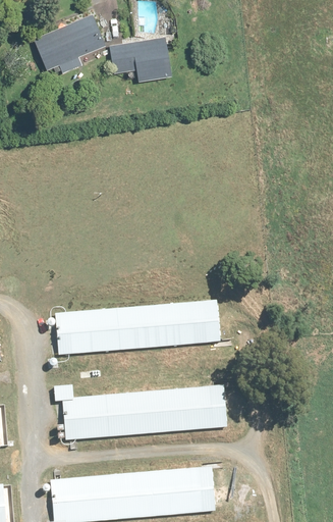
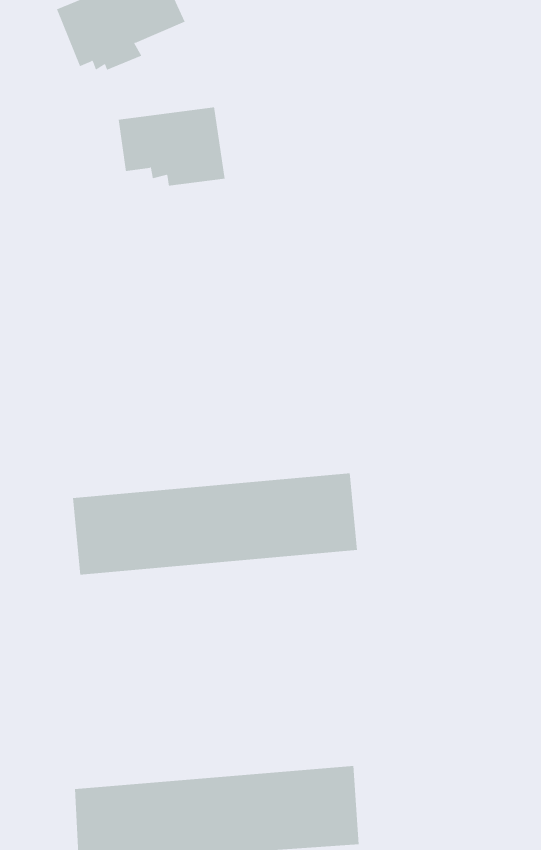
building: [117,36,178,81] -> [118,107,226,186]
building: [60,384,221,441] -> none

